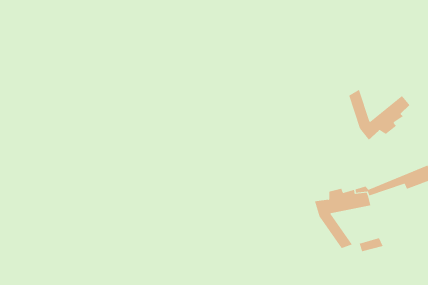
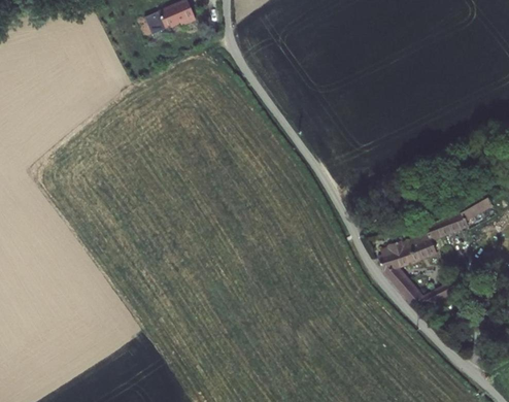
building: [348,89,410,140] -> none

